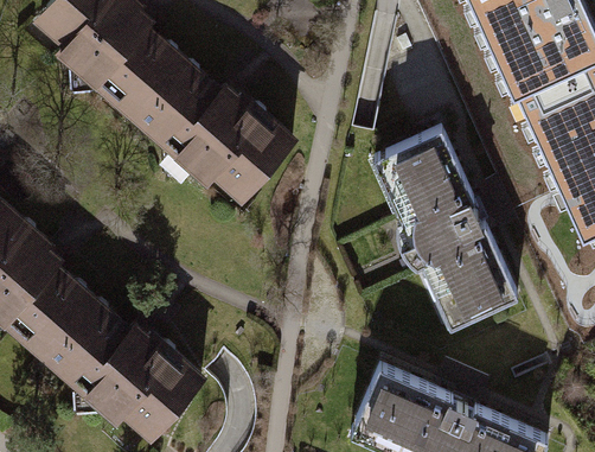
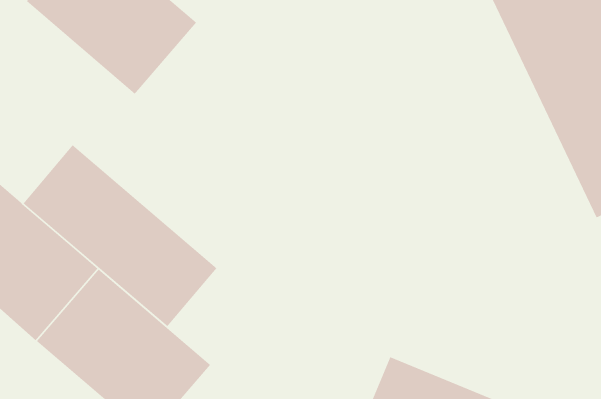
building: [136,52,302,212] -> none
building: [378,132,522,329] -> none
building: none -> [23,144,217,327]

